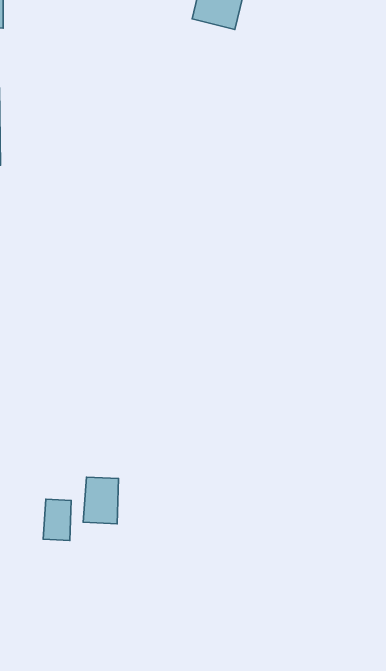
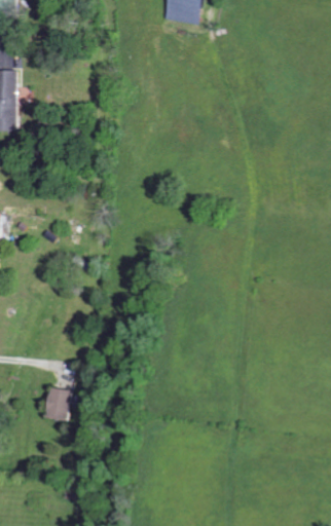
building: [83,477,119,524] -> none

